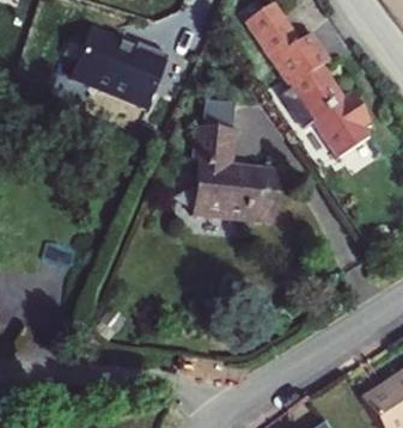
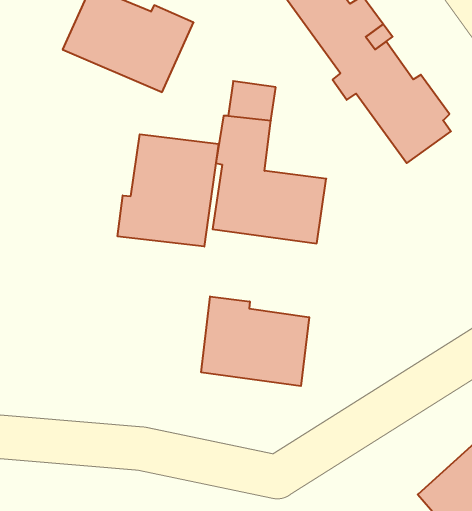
building: none -> [118,134,218,247]
building: none -> [201,296,309,386]

